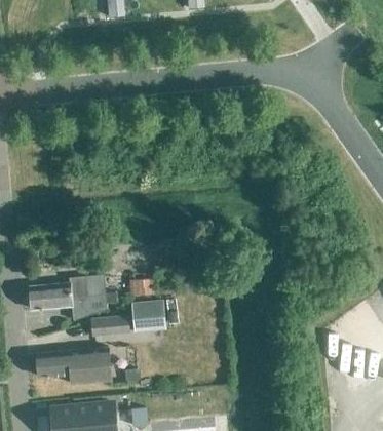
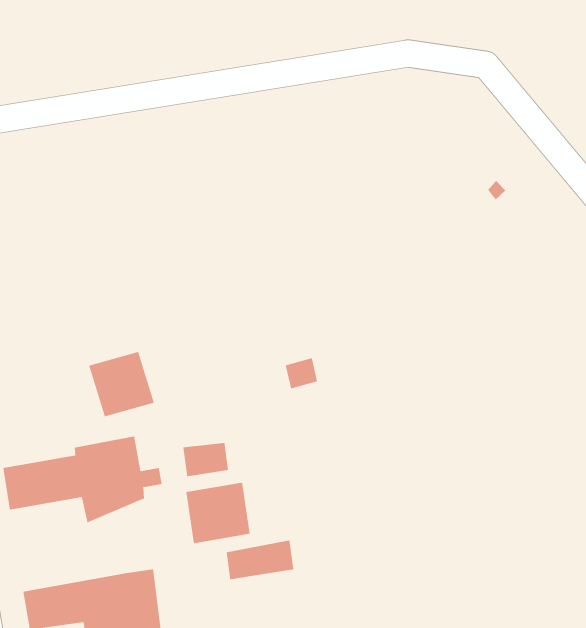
building: none -> [89,351,154,417]
building: [90,316,127,336] -> [226,540,294,580]

